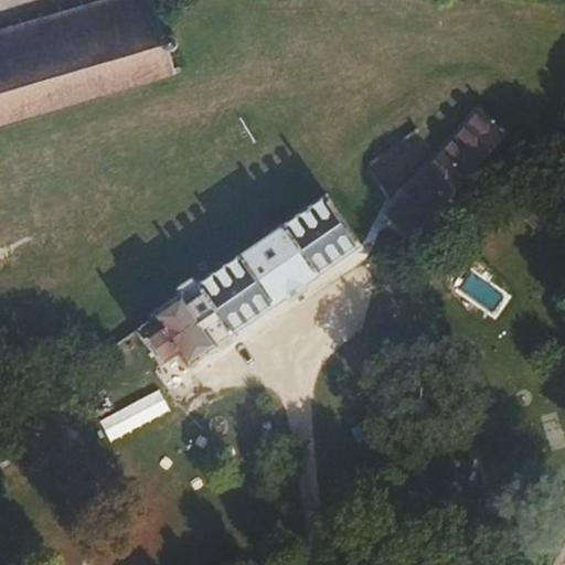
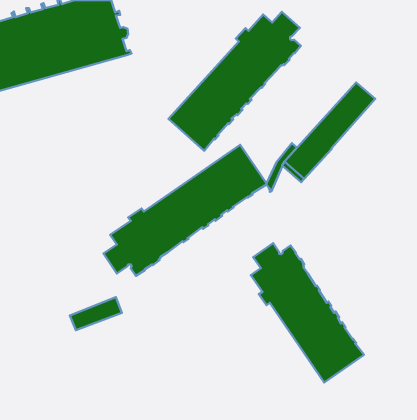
building: none -> [168,12,301,151]
building: none -> [251,243,364,383]

